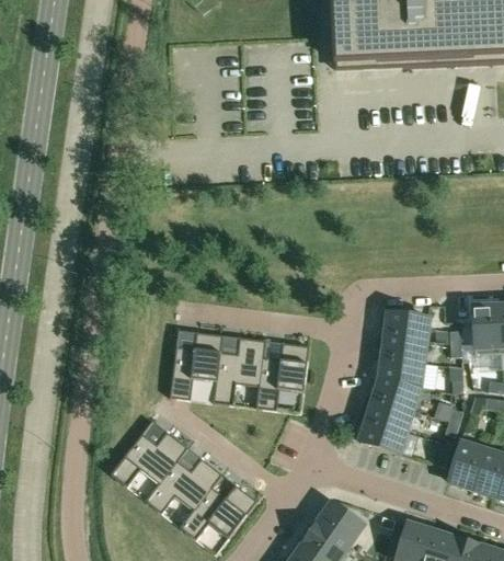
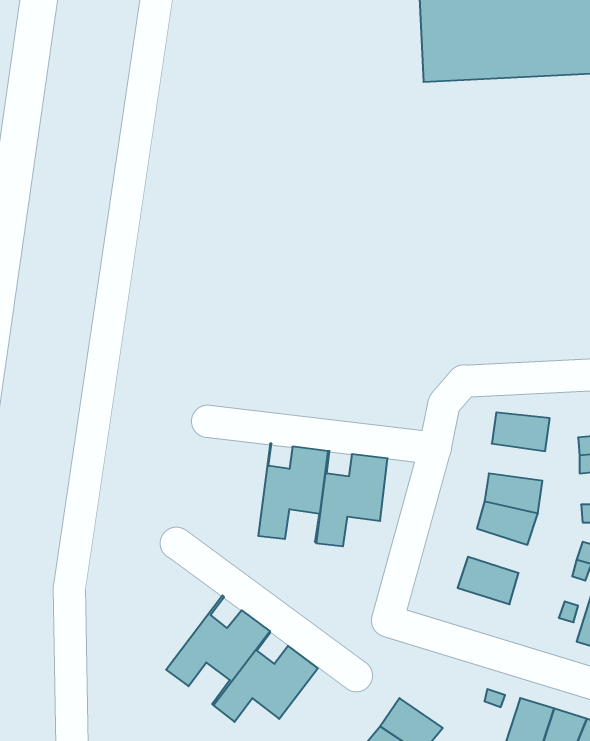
building: [170,331,222,402] -> none
building: [383,334,425,362] -> none
building: [368,397,412,430] -> none
building: [111,431,187,501] -> none
building: [318,501,364,543] -> none

